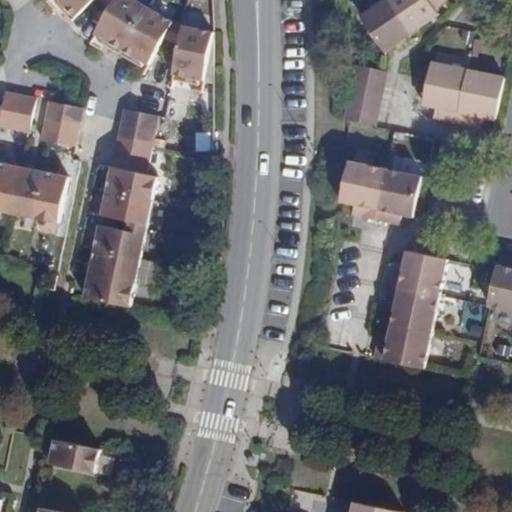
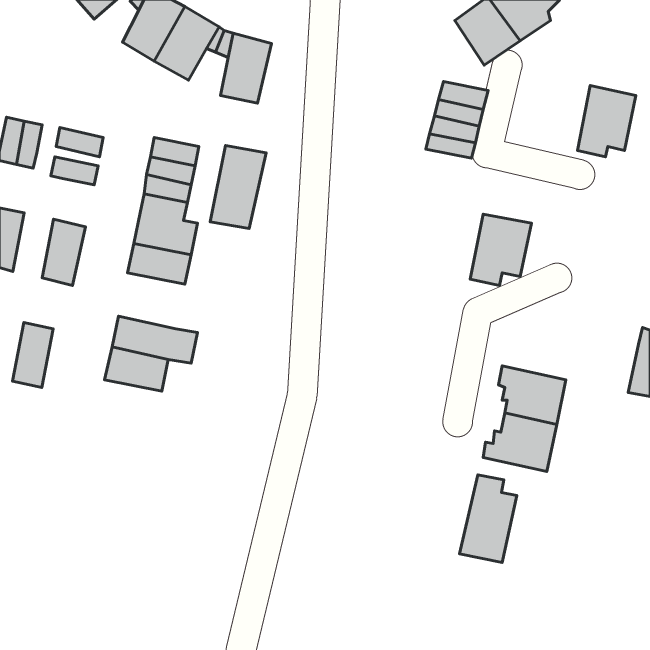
building: [419,60,463,118] -> none
building: none -> [210,146,266,229]
building: [334,160,379,219] -> none
building: [10,167,42,218] -> [12,322,53,387]
building: [93,226,142,258] -> none
building: [394,253,452,298] -> none
building: none -> [460,475,517,563]
building: [52,439,103,473] -> none

